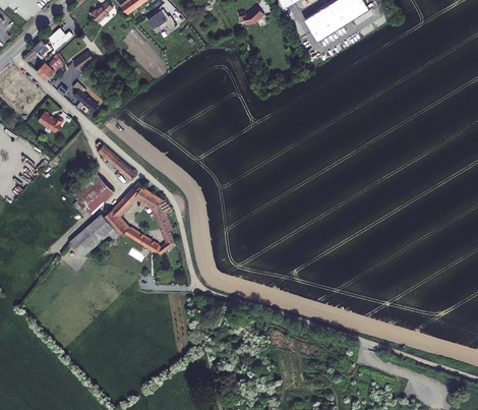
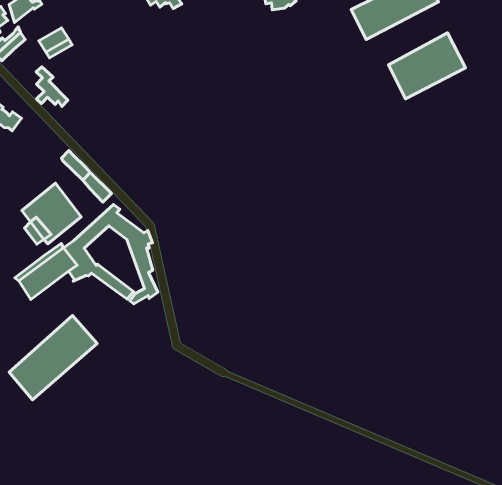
building: none -> [388,33,466,99]
building: none -> [9,316,97,400]

